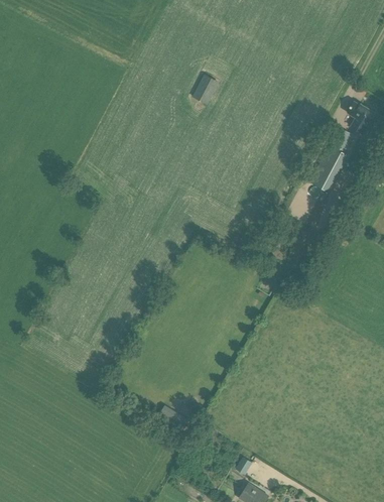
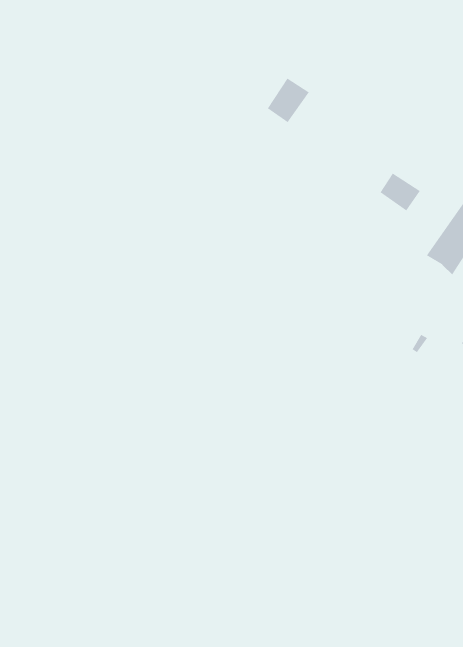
building: none -> [379,173,421,212]

